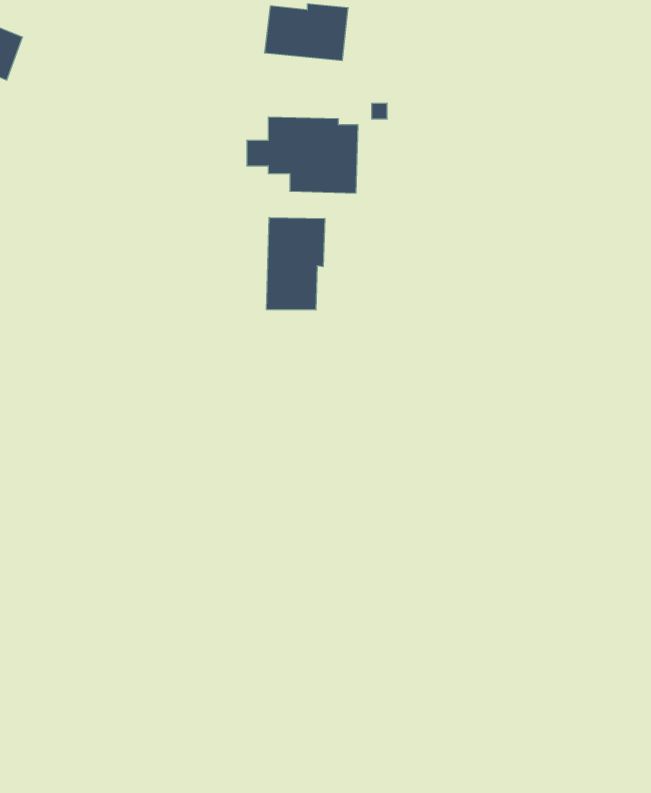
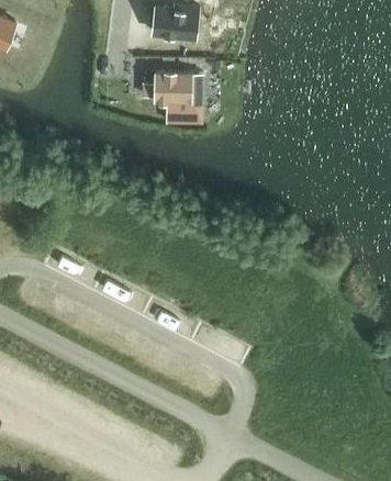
building: [267,217,325,310] -> none

